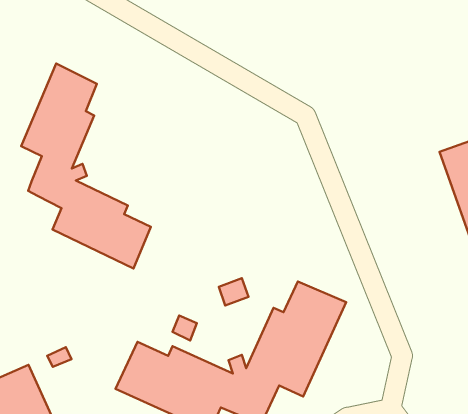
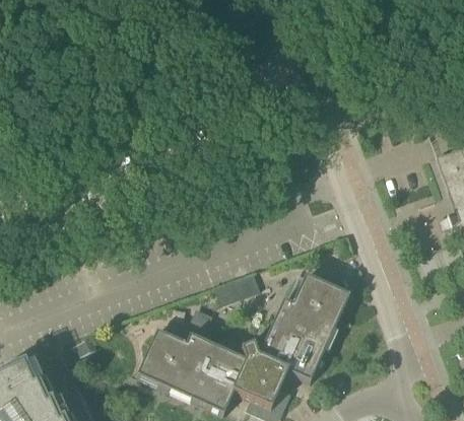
building: [21,63,151,269] -> none

